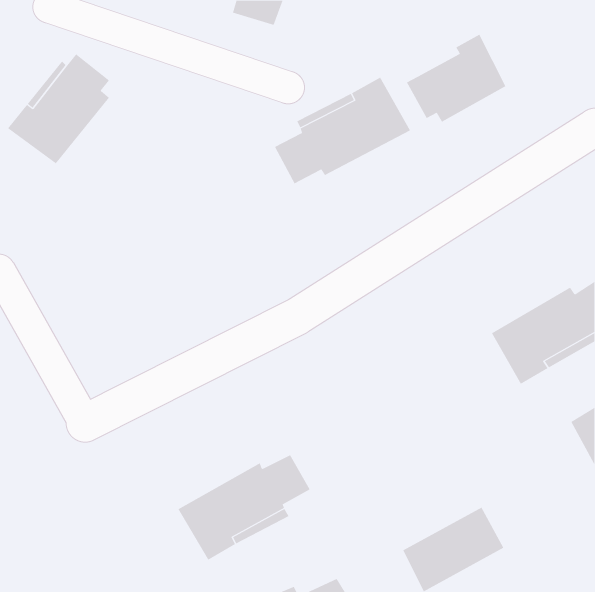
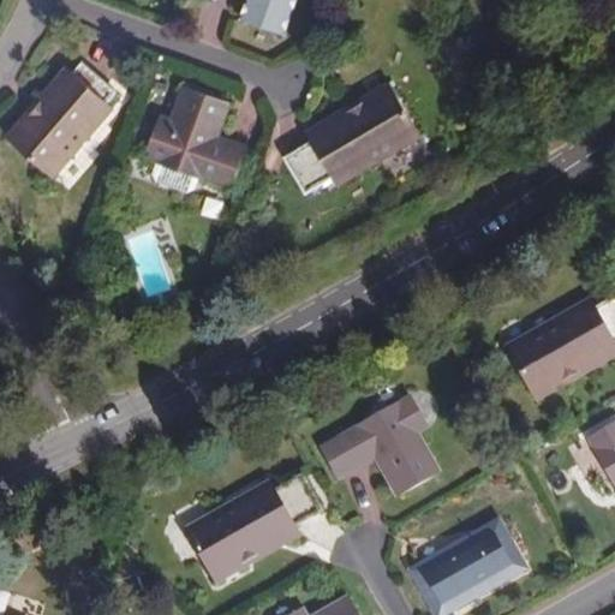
building: [406,34,506,123] -> none
building: none -> [144,83,245,189]
building: none -> [321,395,437,495]

